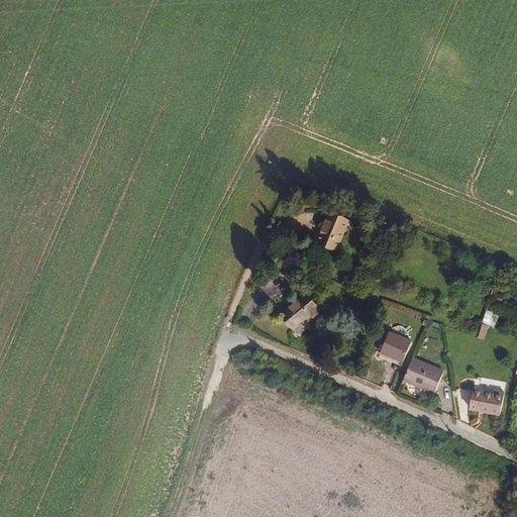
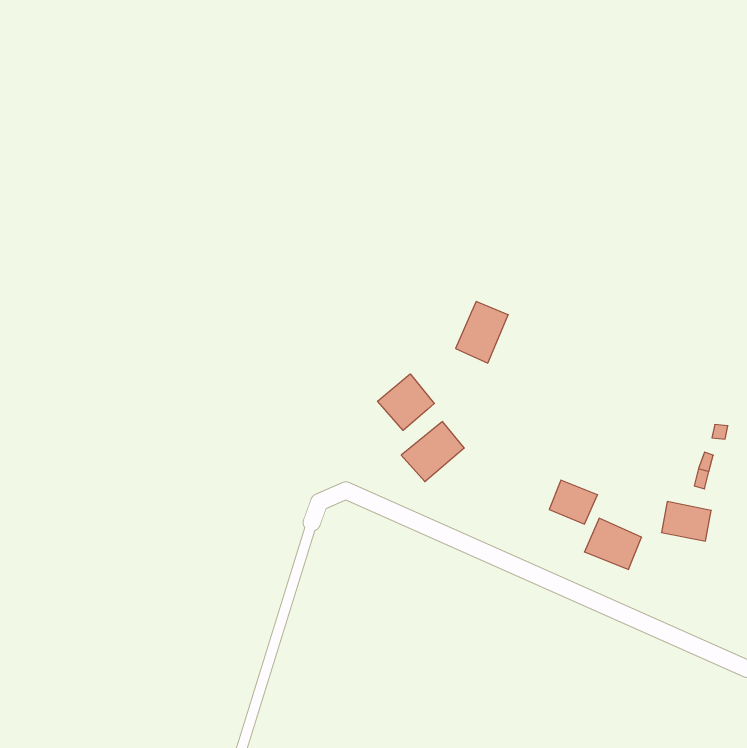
building: none -> [378,374,434,430]
building: [469,387,503,414] -> [661,502,711,541]

